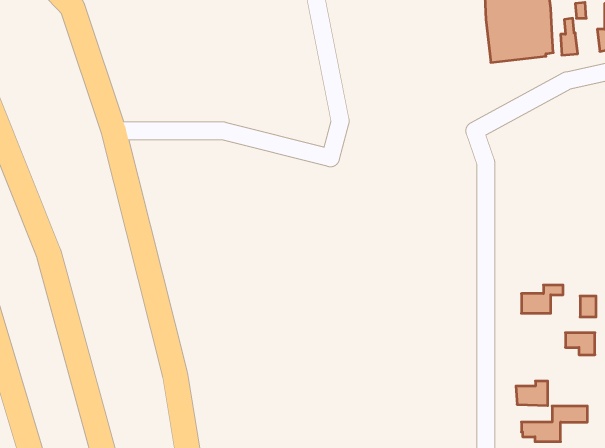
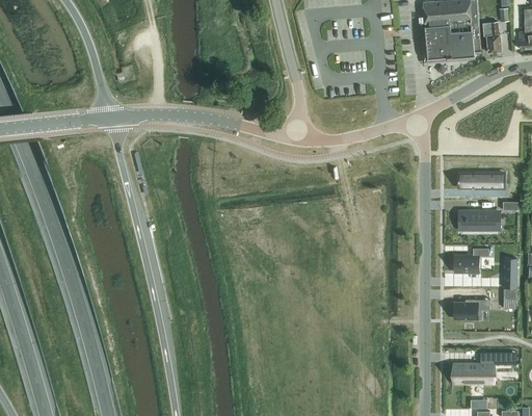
building: none -> [459,175,503,189]
building: none -> [466,212,500,229]
building: [516,381,548,406] -> [454,300,481,320]

